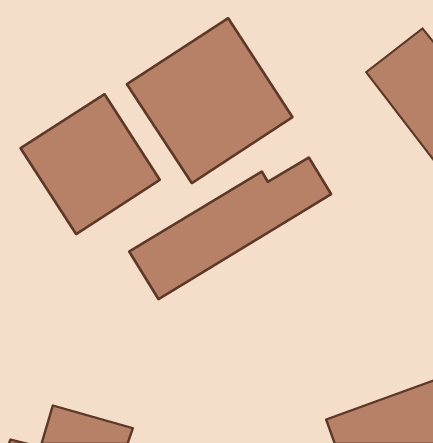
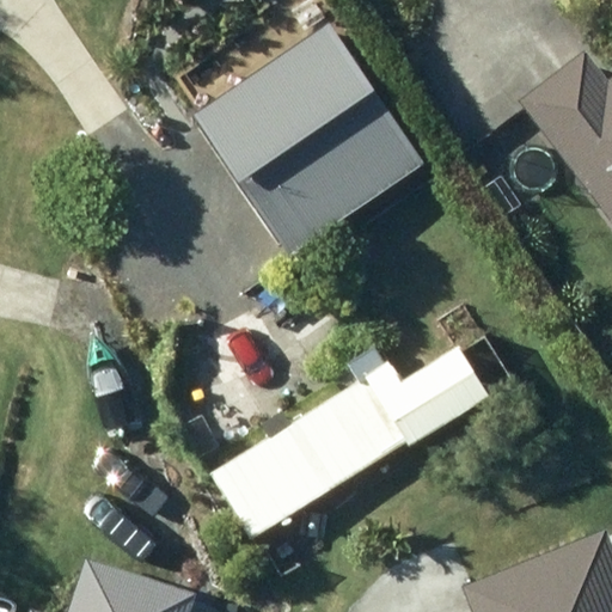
building: [20,94,160,234] -> none
building: [129,158,331,299] -> [218,342,496,537]

